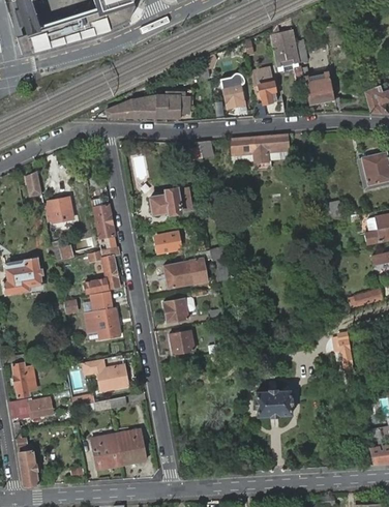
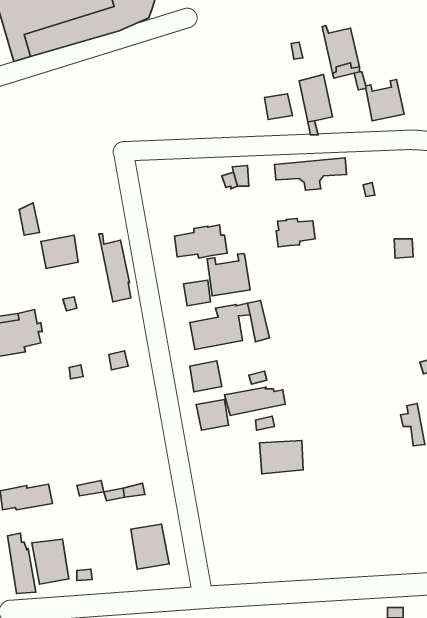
building: [107,94,180,117] -> none
building: none -> [276,219,315,247]
building: none -> [207,253,250,296]
building: [85,246,119,292] -> none
building: [84,307,121,338] -> none
building: none -> [224,387,285,416]
building: [84,358,127,389] -> none
building: [16,361,40,394] -> none
building: [256,389,291,416] -> [259,440,303,474]
building: [91,433,121,469] -> [32,539,69,584]

